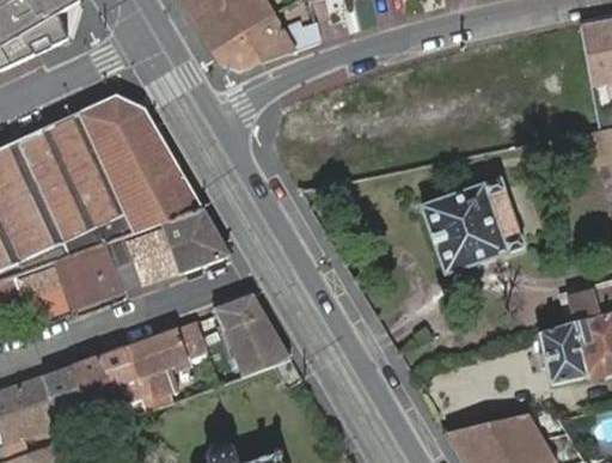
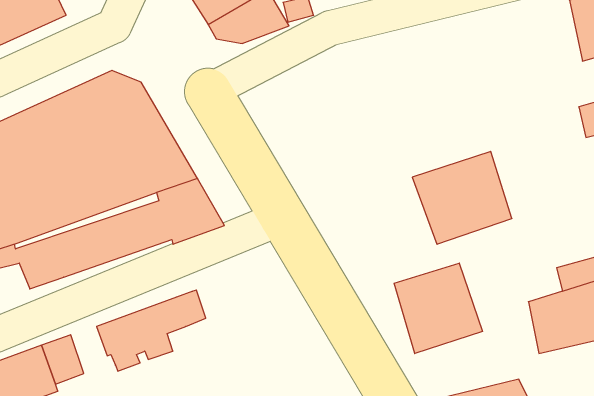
building: none -> [394,263,482,354]
building: [212,293,293,374] -> none
building: [73,355,118,407] -> none

